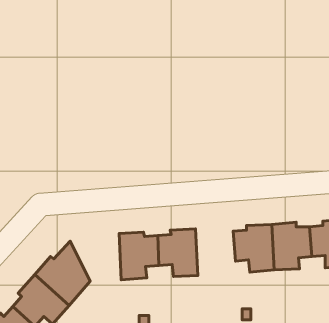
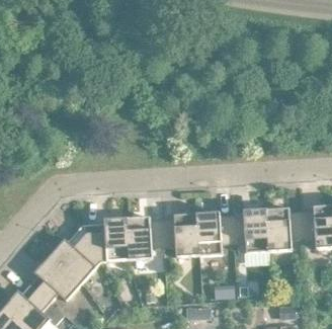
building: none -> [196,213,233,256]
building: none -> [82,218,129,261]

